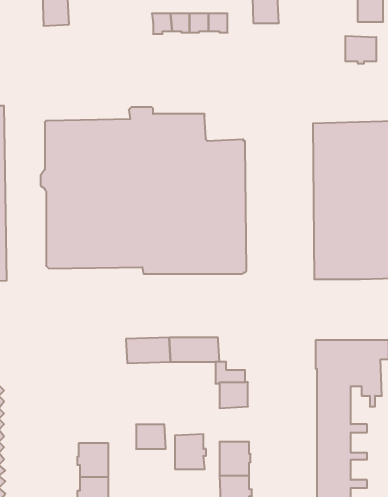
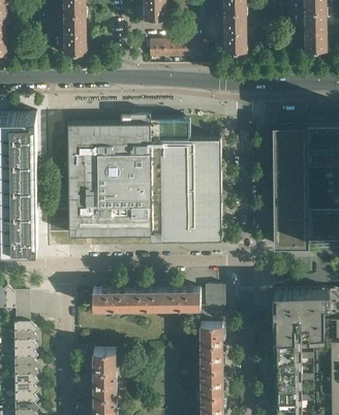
building: [345,36,376,64] -> none
building: none -> [206,287,224,315]
building: none -> [93,291,130,310]
building: [136,424,166,449] -> [93,352,116,371]
building: [175,434,206,469] -> [201,343,224,370]

